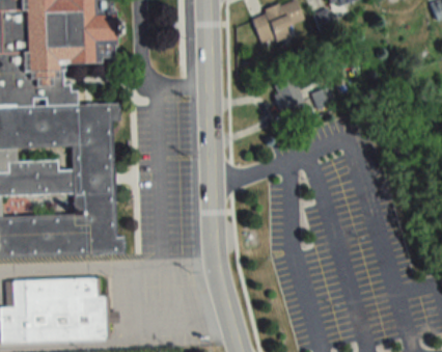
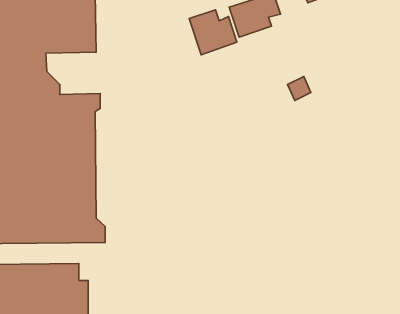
building: none -> [189,10,237,55]
building: [272,76,304,110] -> none

